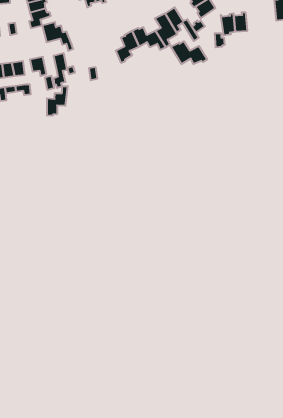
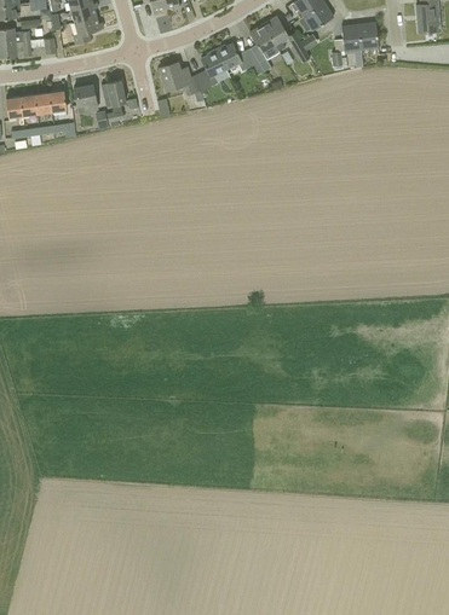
building: [42,22,73,51] -> [160,63,203,103]
building: [171,41,207,64] -> none
building: [47,86,68,116] -> none

